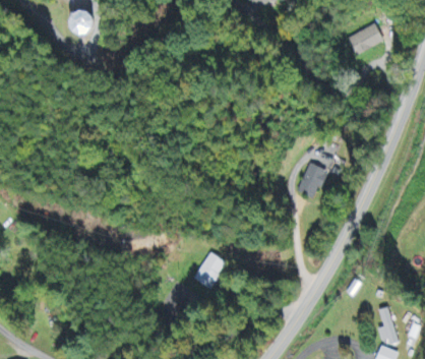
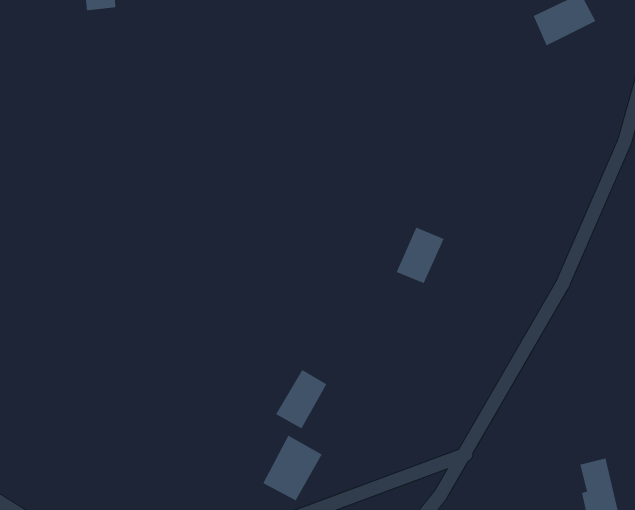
building: [298,163,327,197] -> [396,227,444,284]
building: none -> [263,435,323,501]

